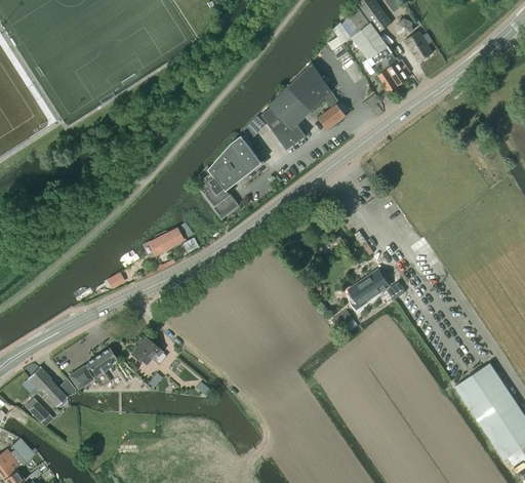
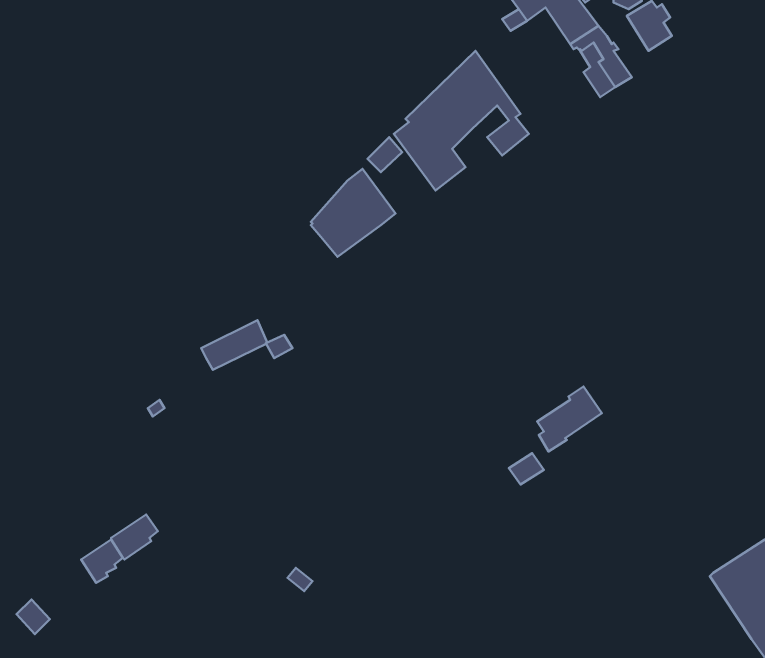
building: [199,168,237,212] -> none
building: [130,336,166,365] -> none
building: [27,366,77,407] -> none

